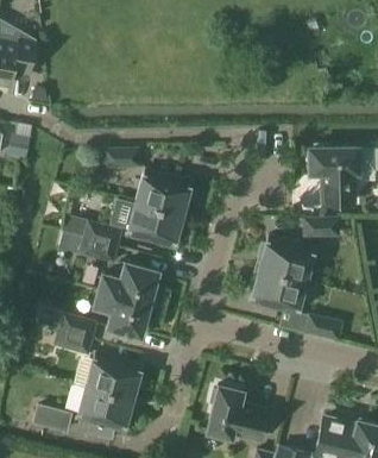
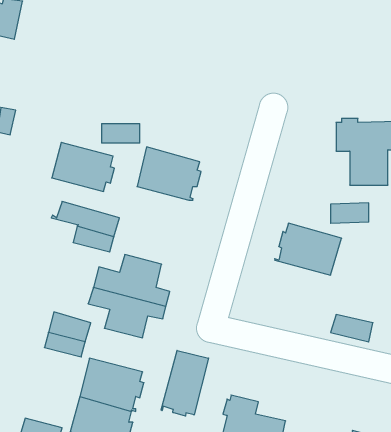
building: [127,205,182,247] -> [52,142,114,191]
building: [250,269,304,314] -> none
building: none -> [161,350,209,416]

